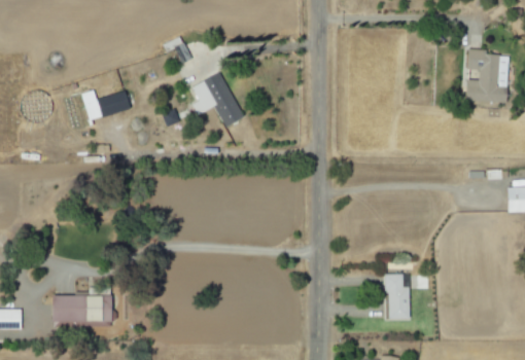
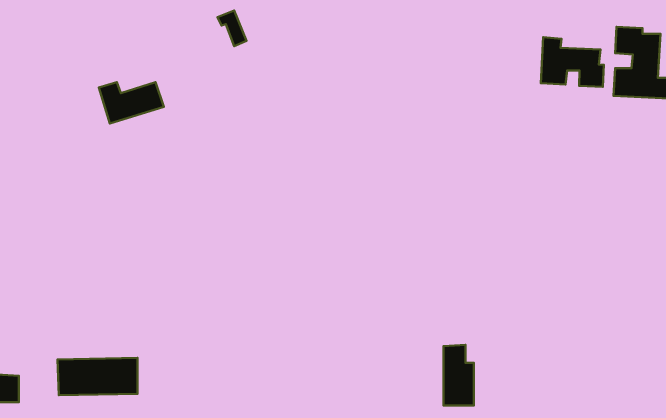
building: none -> [541,37,604,87]
building: [192,73,244,127] -> none
building: [387,274,410,319] -> [444,345,474,406]

